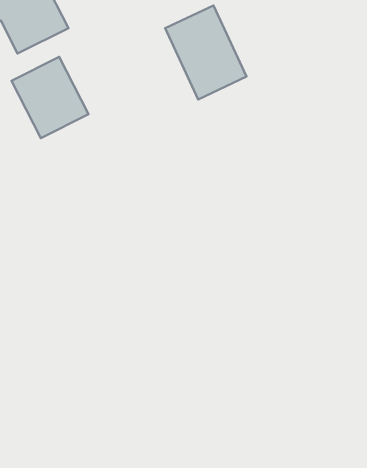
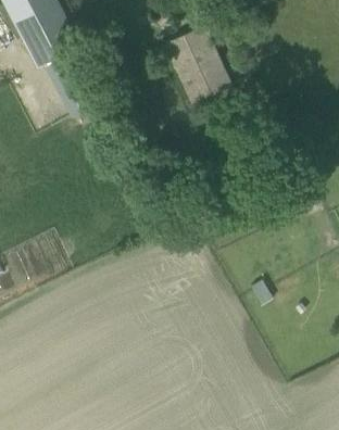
building: [12,57,89,138] -> none

